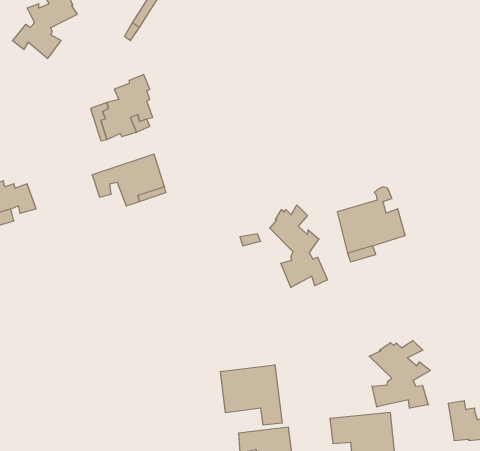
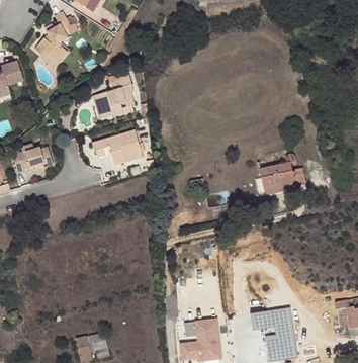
building: [270,205,328,288] -> none
building: [369,340,430,408] -> none
building: [220,365,282,425] -> none

